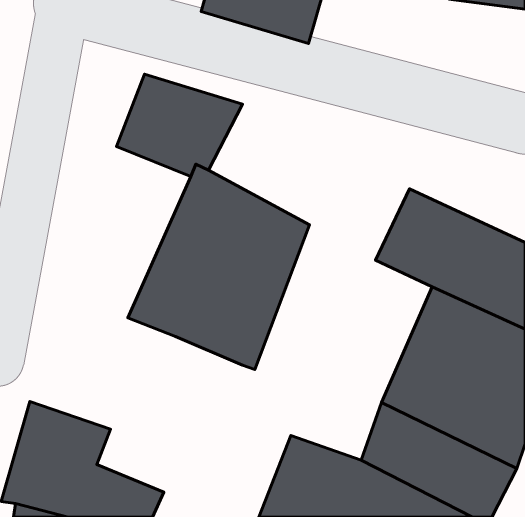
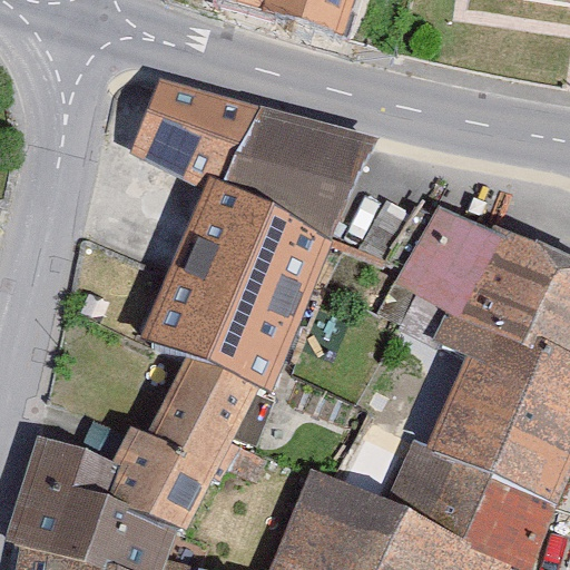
building: none -> [225,112,382,243]
building: none -> [105,363,262,531]

